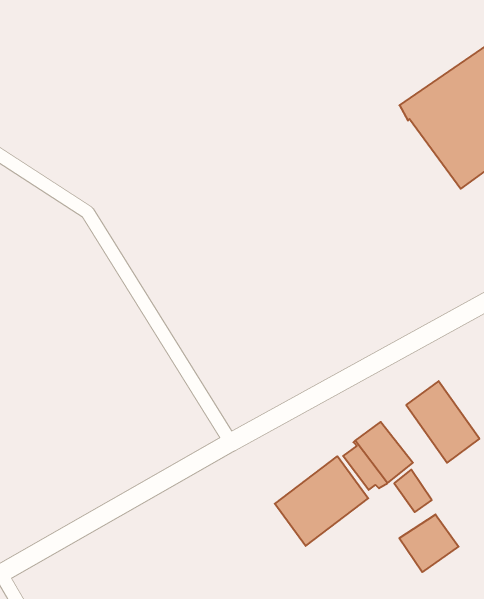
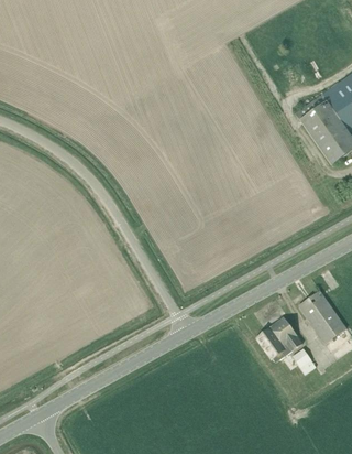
building: [275,456,368,546] -> none
building: [399,514,459,572] -> none

